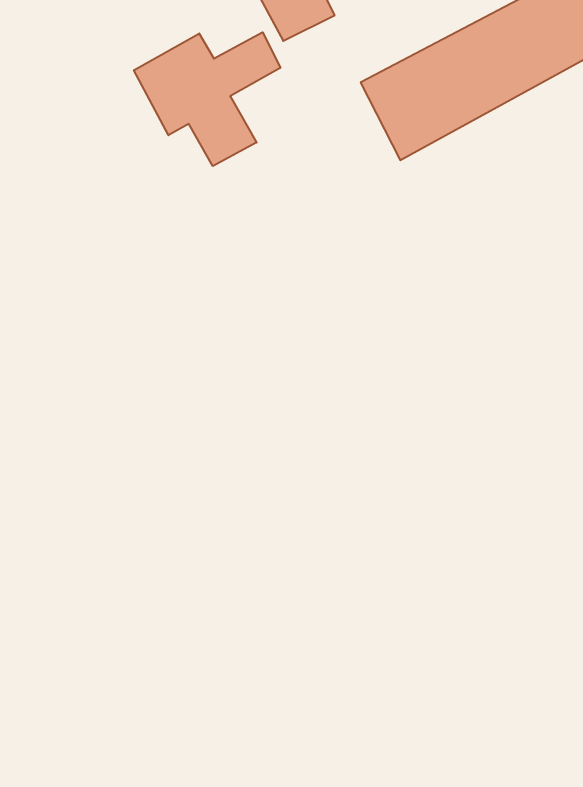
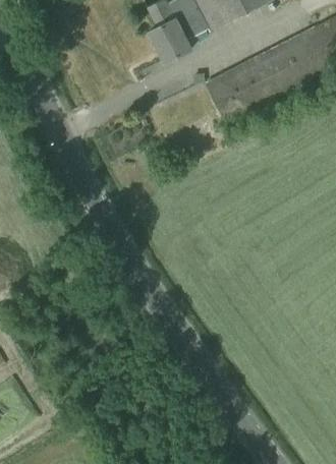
building: [134,32,280,166] -> none

